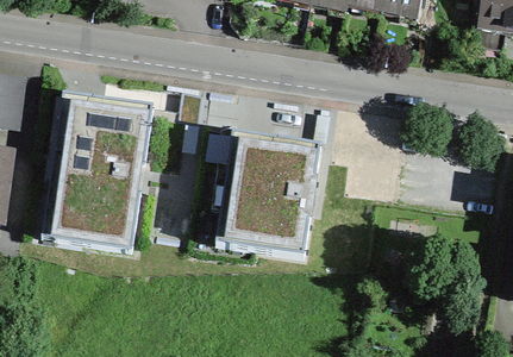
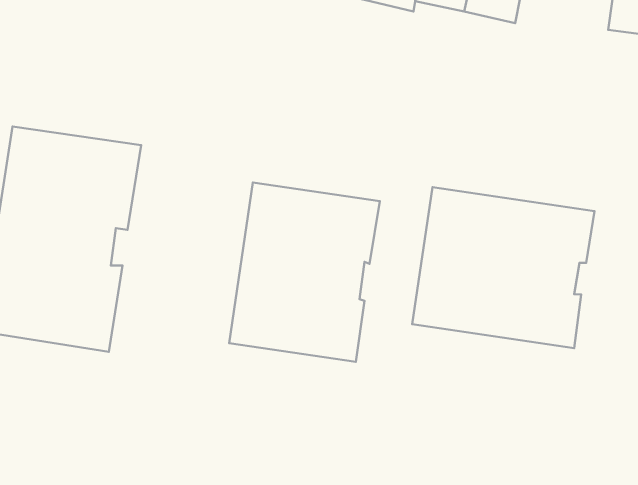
building: none -> [412,187,594,348]

